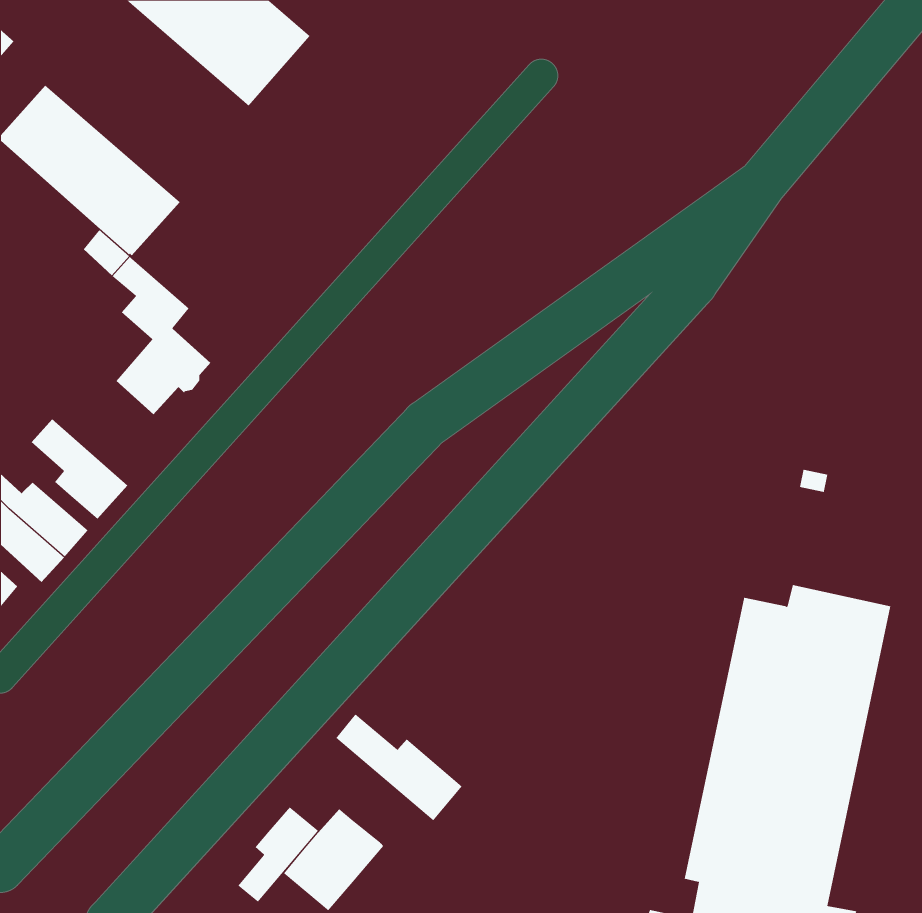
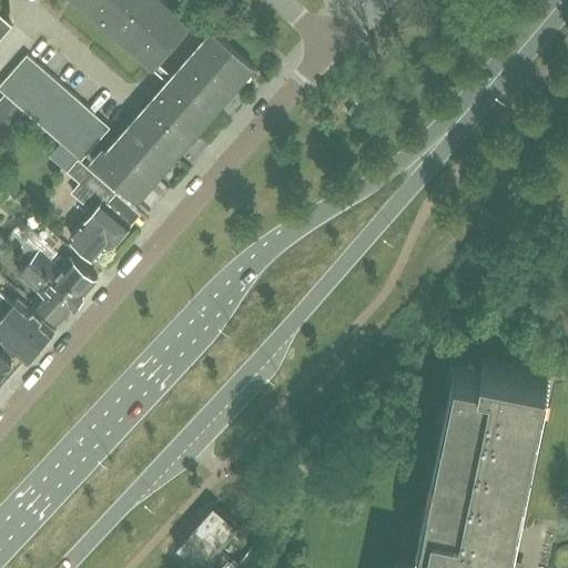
building: none -> [90,33,254,205]
building: none -> [32,254,98,304]
building: [336,713,462,821] -> none
building: [237,806,319,902] -> none

